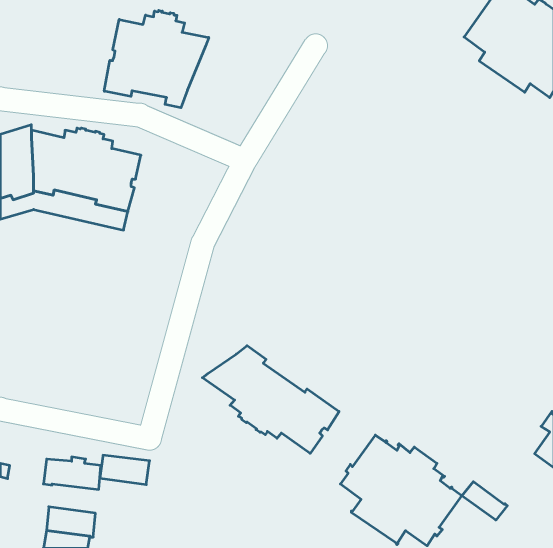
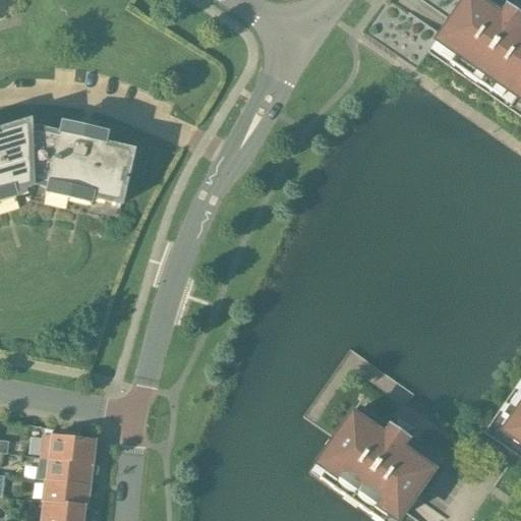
building: [104,10,209,108] -> none
building: [202,346,339,453] -> none
building: [100,455,150,485] -> [47,454,94,481]
building: [462,482,507,520] -> none

